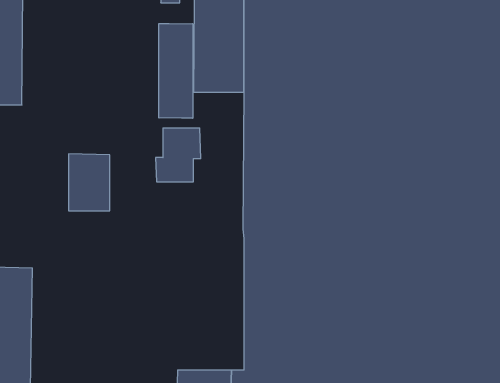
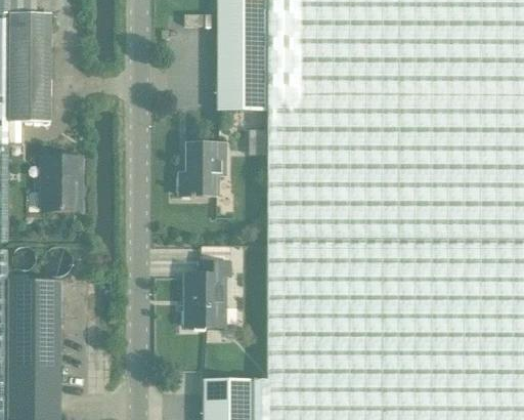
building: [159,24,193,118] -> none
building: [69,154,110,211] -> [42,156,82,211]
building: none -> [186,263,229,327]

